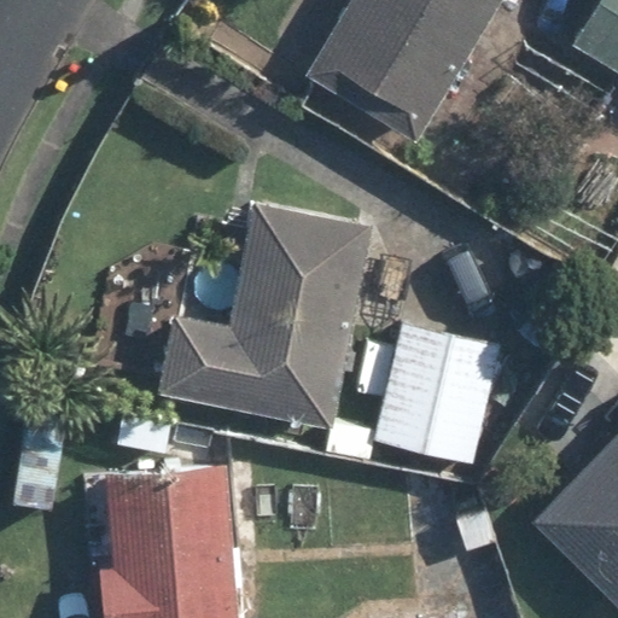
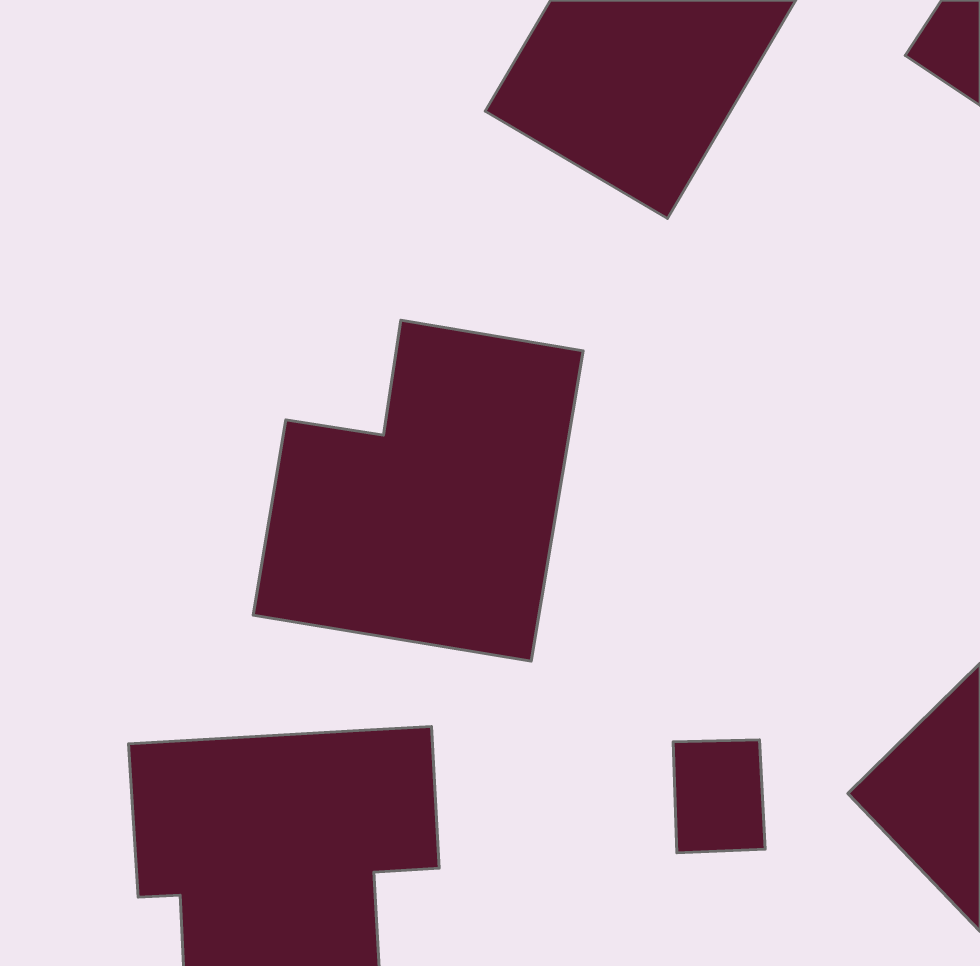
building: [377,323,499,464] -> none

